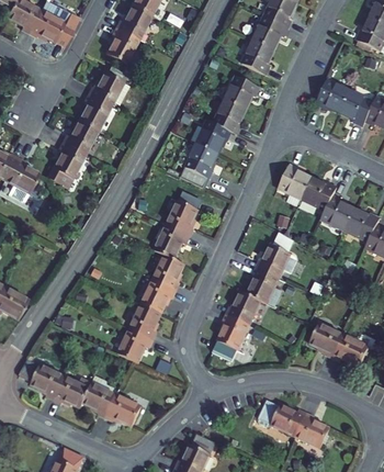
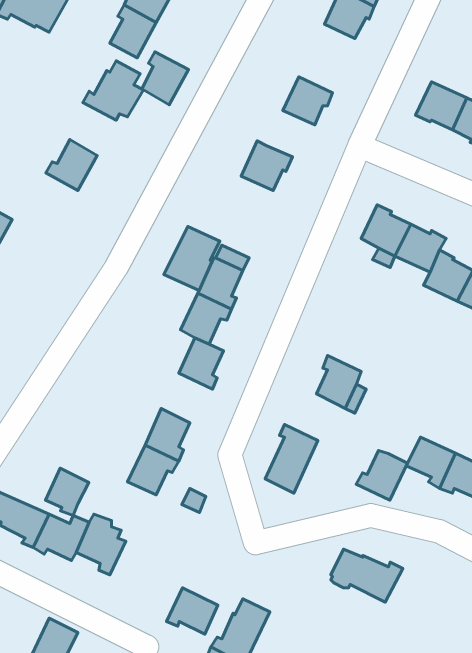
building: [240,40,273,74] -> none
building: [78,93,110,130] -> [142,52,188,105]
building: [213,99,246,134] -> none
building: [46,142,83,188] -> none
building: [179,144,217,188] -> [164,227,220,291]
building: [255,244,296,278] -> none
building: [140,279,176,313] -> none
building: [225,291,260,325] -> [356,450,407,500]
building: none -> [46,468,89,516]
building: [105,394,140,426] -> [167,588,218,634]
building: [294,413,329,447] -> none

